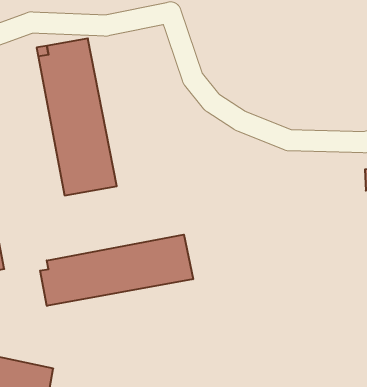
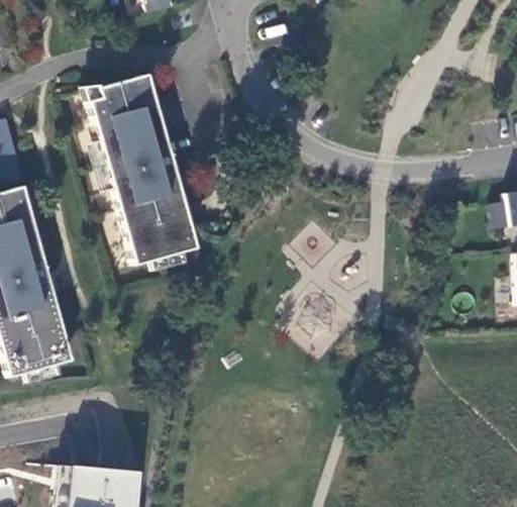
building: [40,235,193,306] -> none

